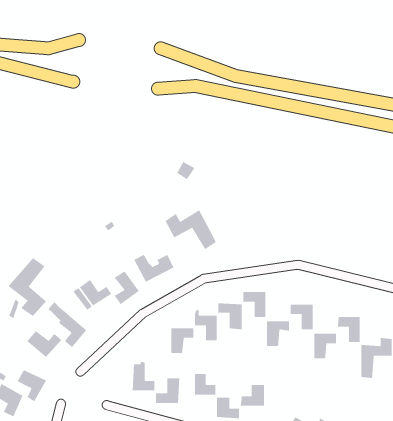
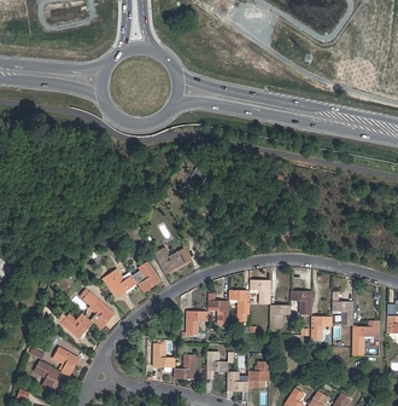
building: [164,209,217,250] -> none
building: [8,257,47,317] -> none

